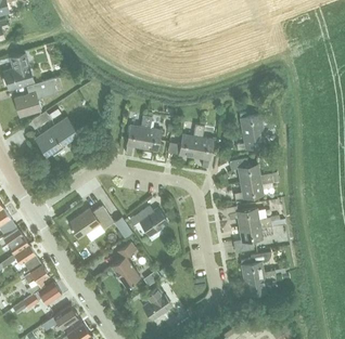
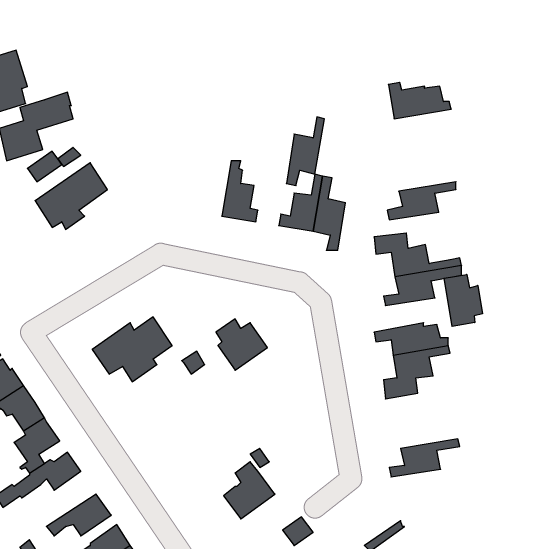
building: [239,113,274,133] -> [388,82,451,119]
building: [125,115,146,154] -> [286,117,324,186]
building: none -> [444,274,482,326]
building: [111,242,139,286] -> none
building: [240,250,276,279] -> none

